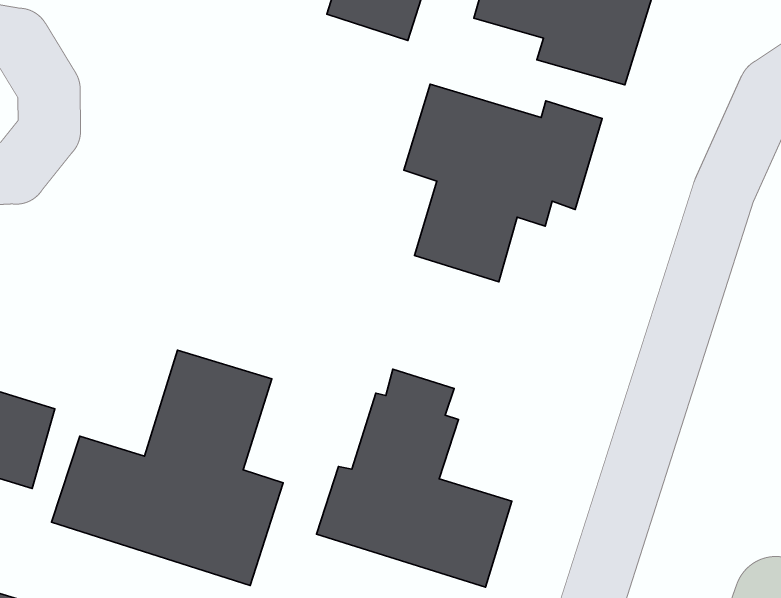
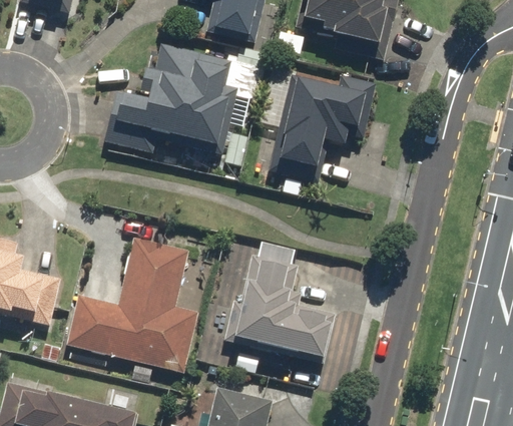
building: none -> [103,41,266,154]

